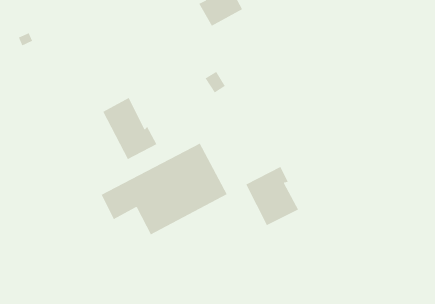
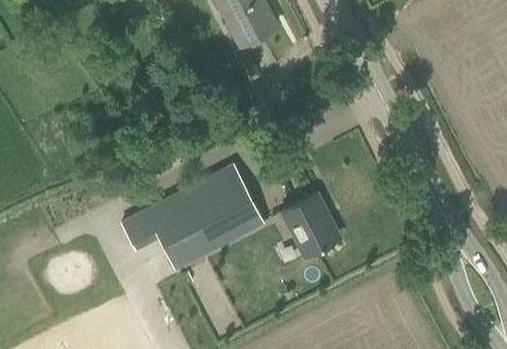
building: [102,97,157,160] -> none

